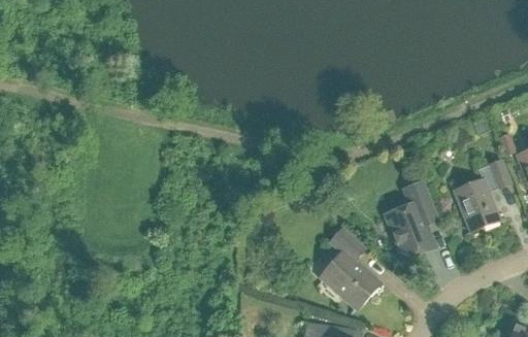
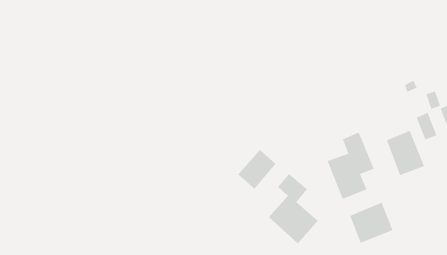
building: none -> [237,149,276,189]
building: none -> [349,202,393,244]

